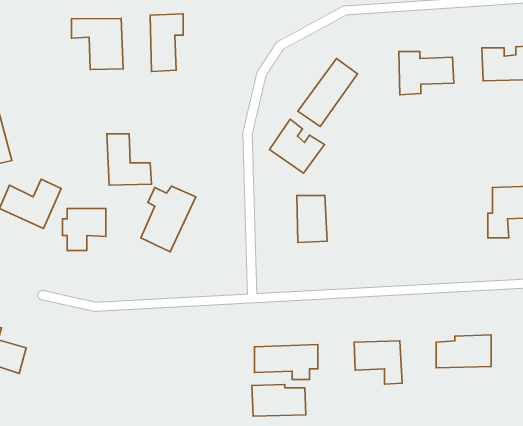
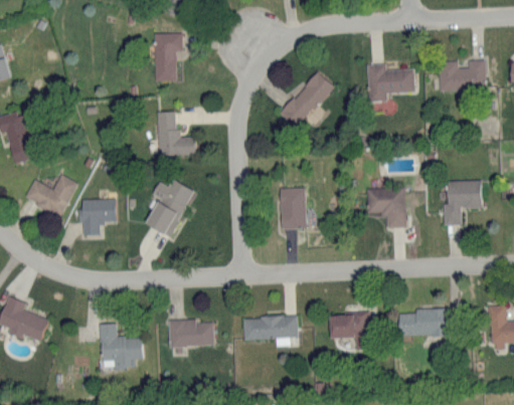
building: [71,18,123,70] -> none
building: [269,119,324,173] -> none
building: [107,134,151,185] -> [157,112,195,156]
building: none -> [367,188,405,227]
building: none -> [100,323,142,369]
building: [252,384,306,416] -> [168,320,214,347]

